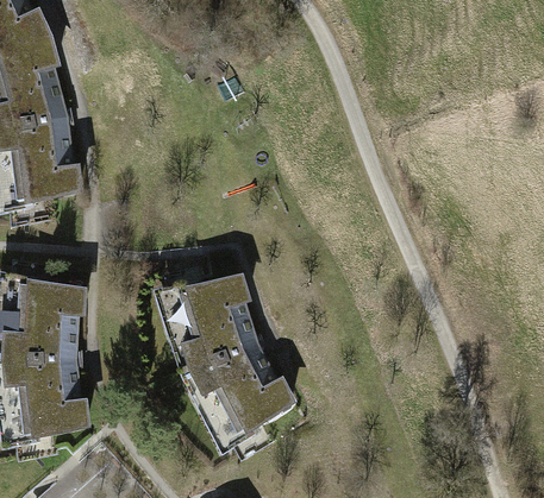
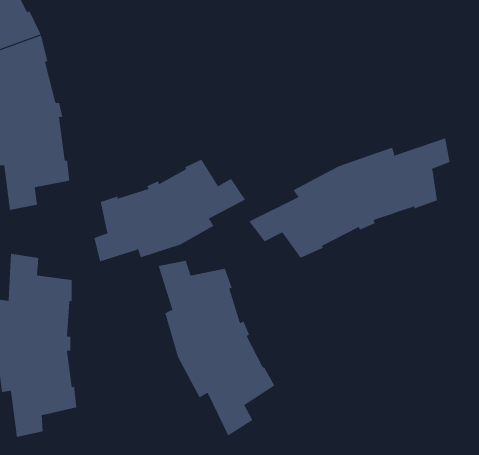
building: none -> [249,137,450,259]
building: none -> [94,159,246,262]

